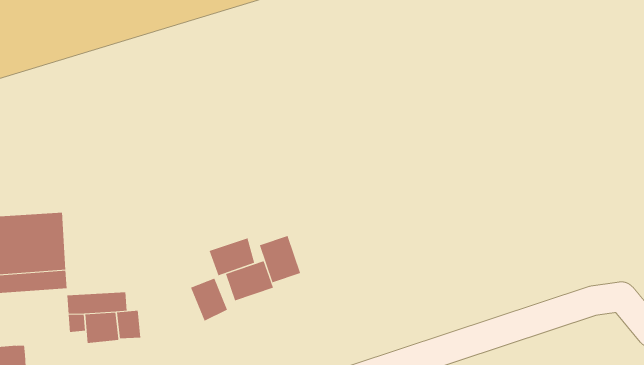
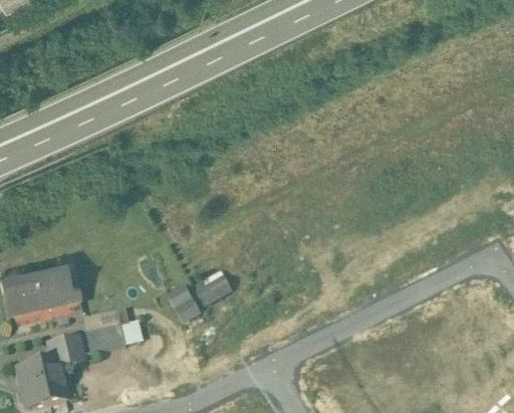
building: [259,235,301,283] -> none
building: [209,237,255,276] -> none
building: none -> [48,336,84,367]

